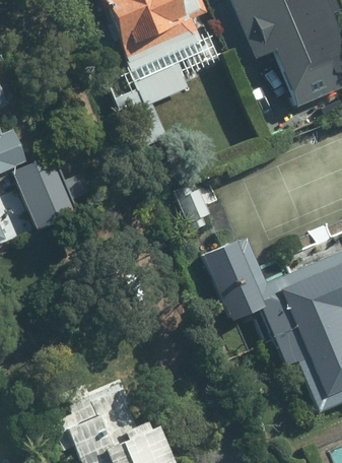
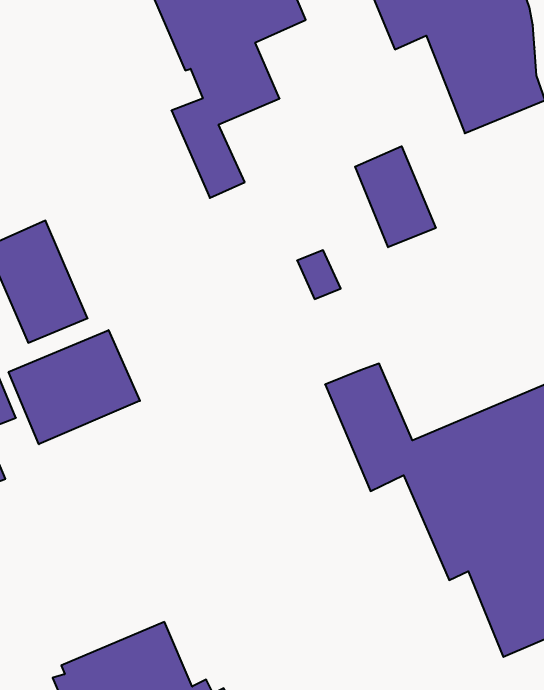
building: none -> [355,146,436,247]
building: none -> [9,330,140,444]

